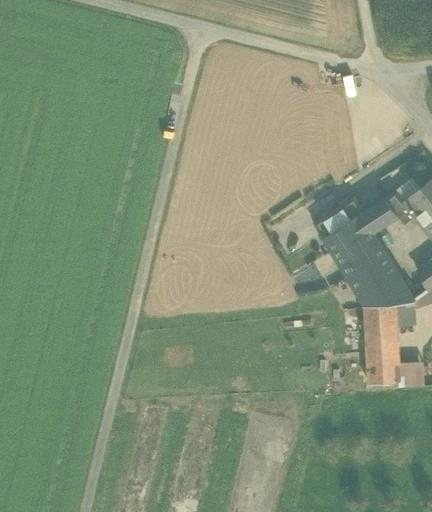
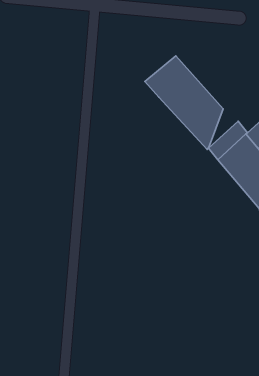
building: none -> [145,56,223,149]

